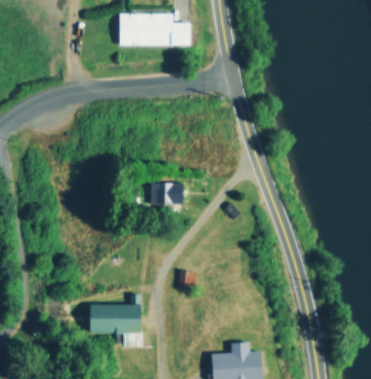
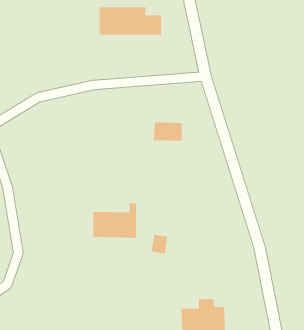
building: [150,182,183,204] -> [153,122,182,141]
building: [90,294,140,334] -> [92,203,137,238]

